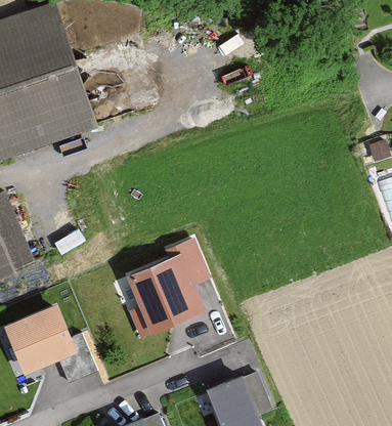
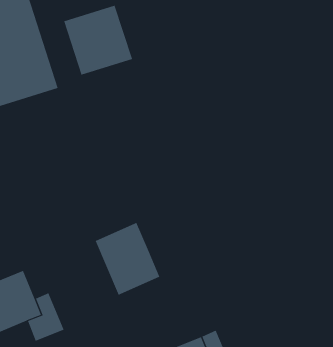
building: none -> [63,5,133,76]
building: [170,242,210,291] -> none

